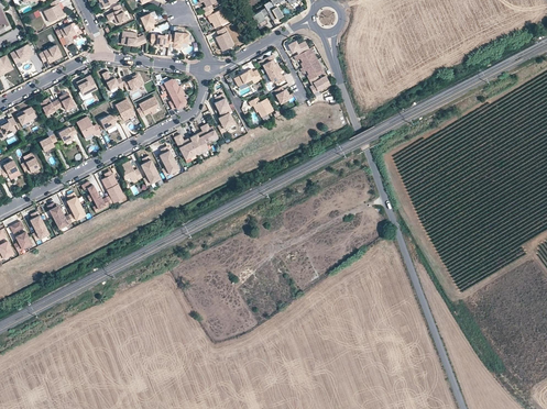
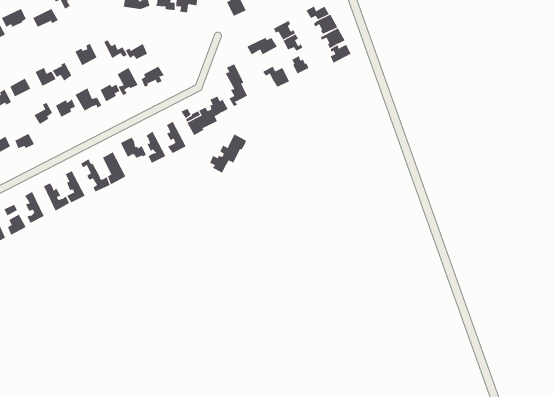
building: [161,78,186,109] -> none
building: none -> [209,134,247,174]

